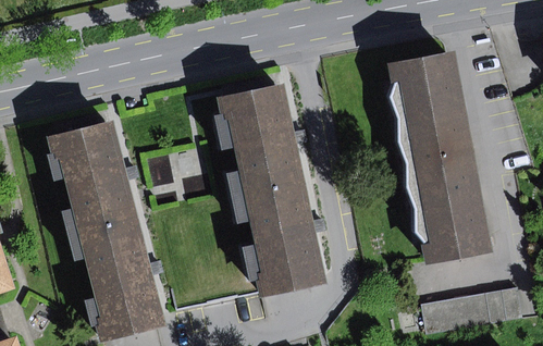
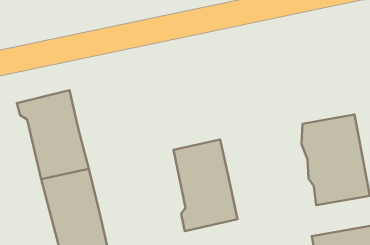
building: [385,50,471,162] -> none
building: [217,82,303,195] -> none

